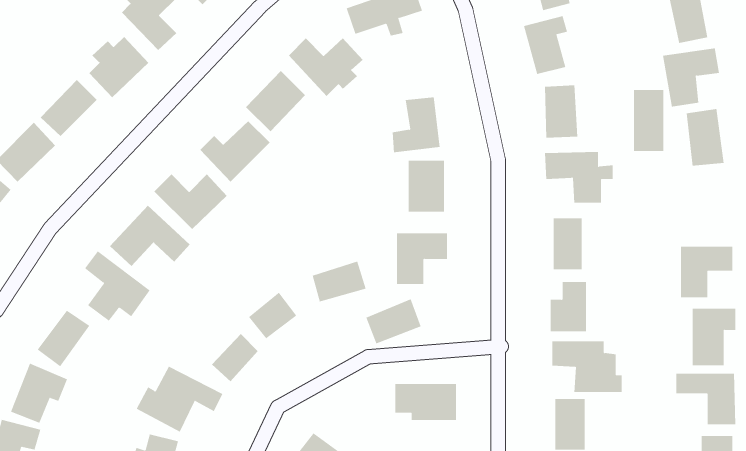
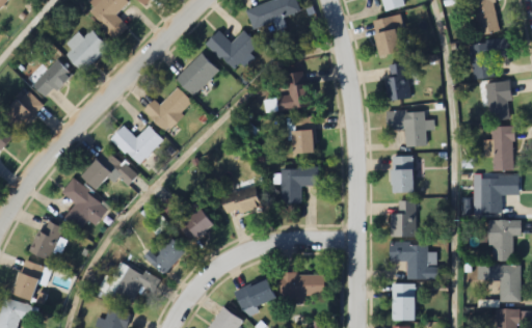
building: [633,89,664,152] -> [493,127,514,170]
building: [365,298,422,344] -> [235,278,274,310]

